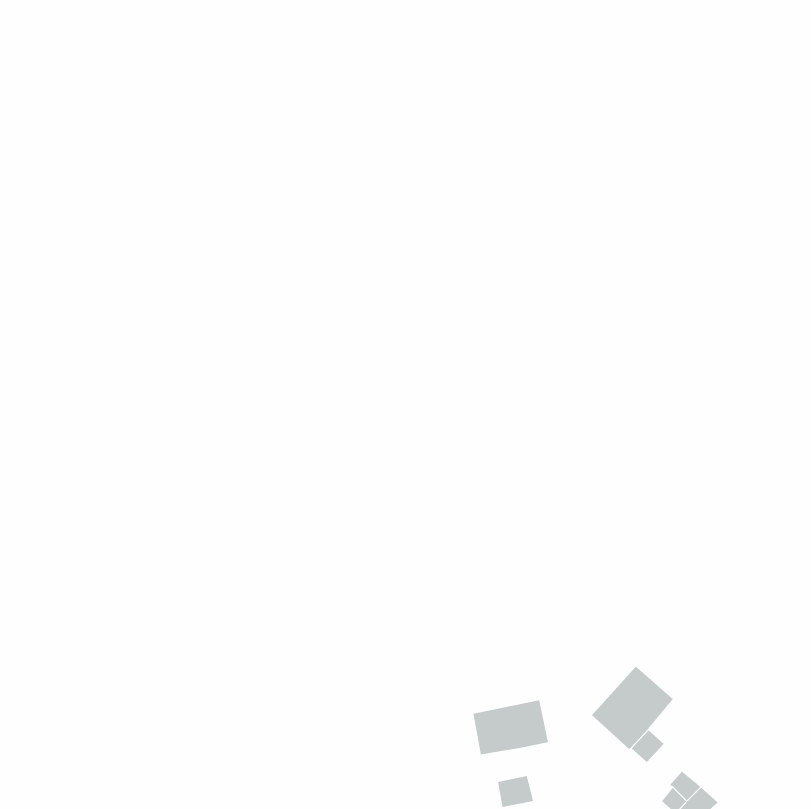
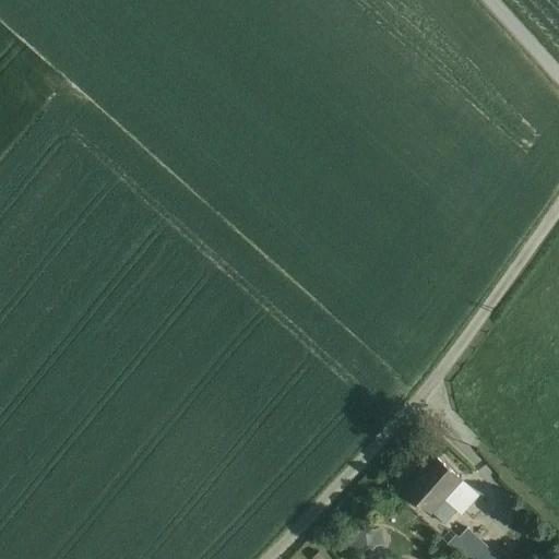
building: [473,700,549,755] -> none

